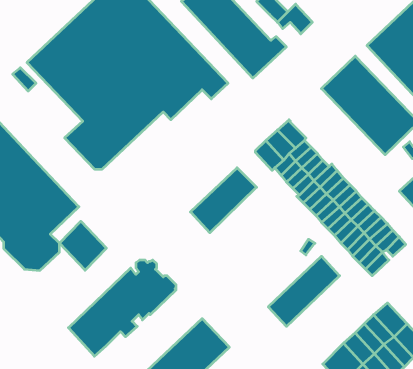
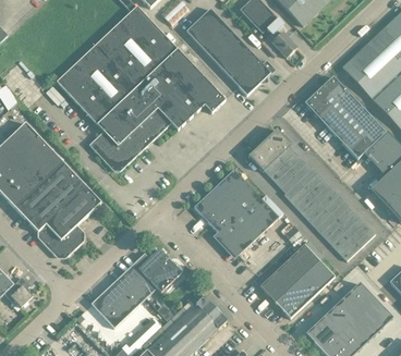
building: none -> [210,185,283,254]
building: [59,221,106,270] -> none
building: none -> [275,259,335,317]

